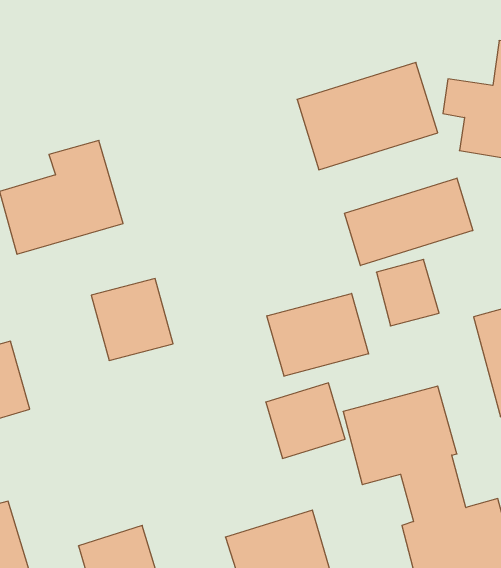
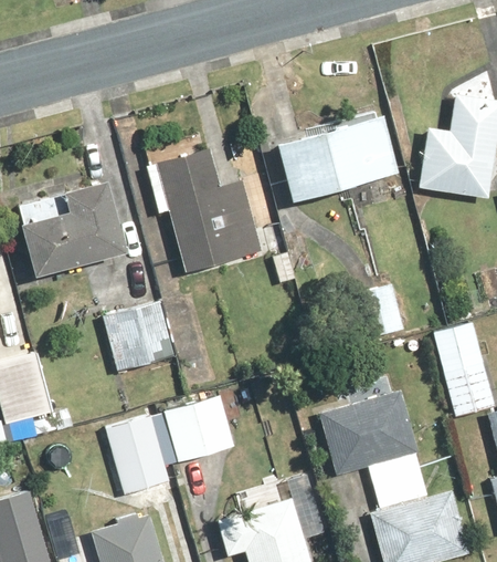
building: none -> [158,148,262,273]
building: [345,178,473,266] -> none
building: [267,293,369,376] -> none
building: [266,383,345,458] -> [163,395,232,460]
building: none -> [104,414,167,492]

